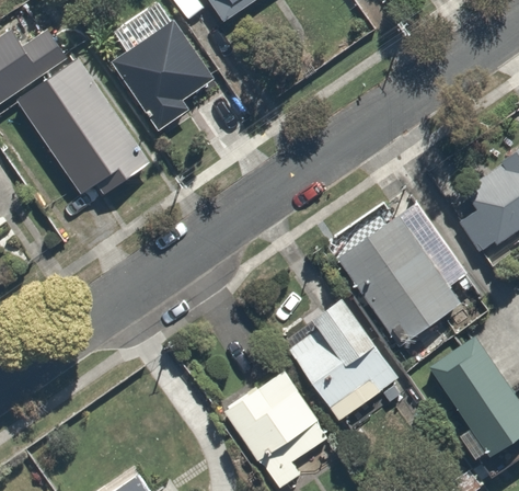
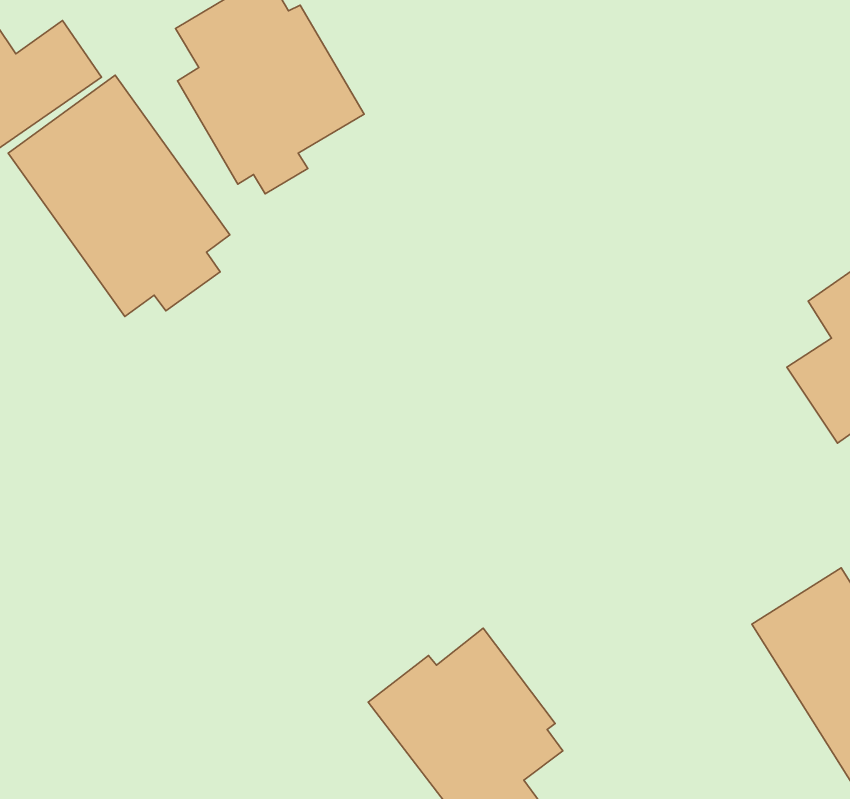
building: [336,203,474,342] -> none
building: [287,299,400,431] -> none

